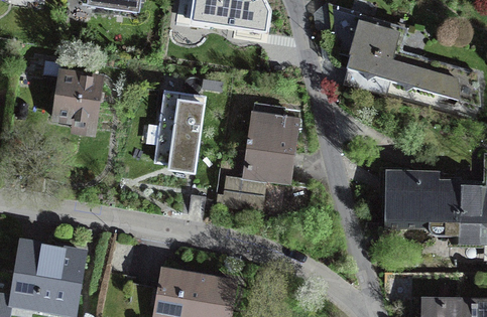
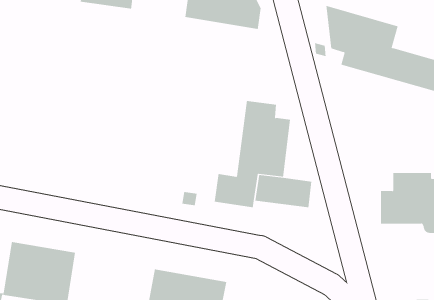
building: [53,72,101,123] -> none
building: [154,92,204,173] -> none

